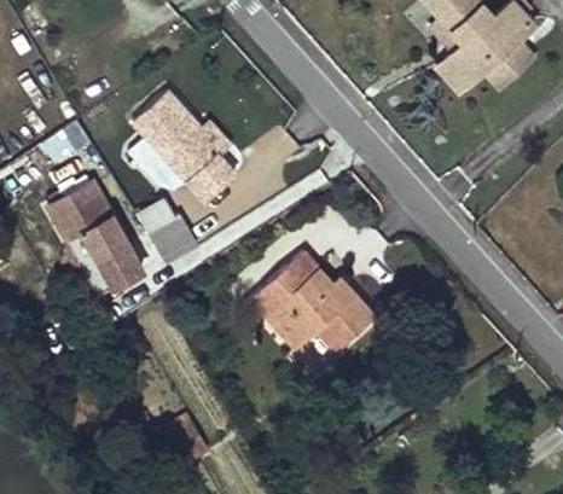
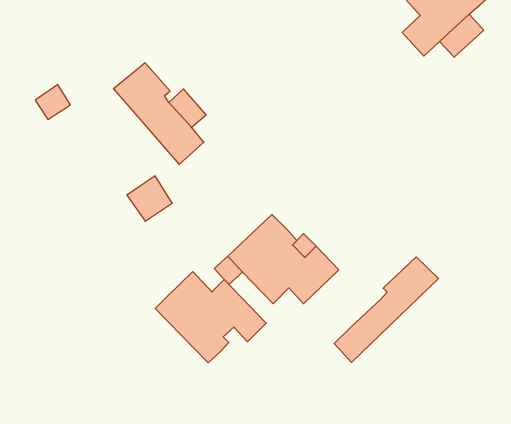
building: [46,174,143,295] -> none
building: none -> [334,257,439,362]
building: none -> [155,272,266,363]

